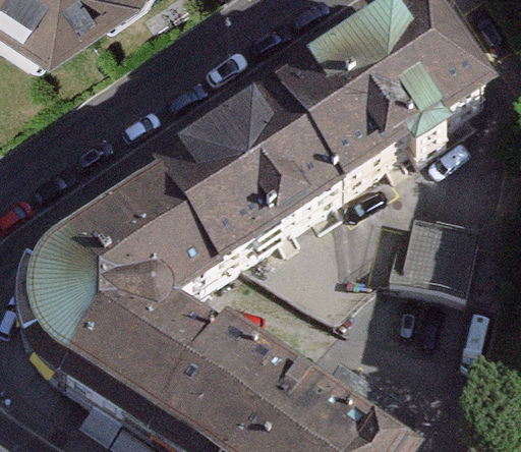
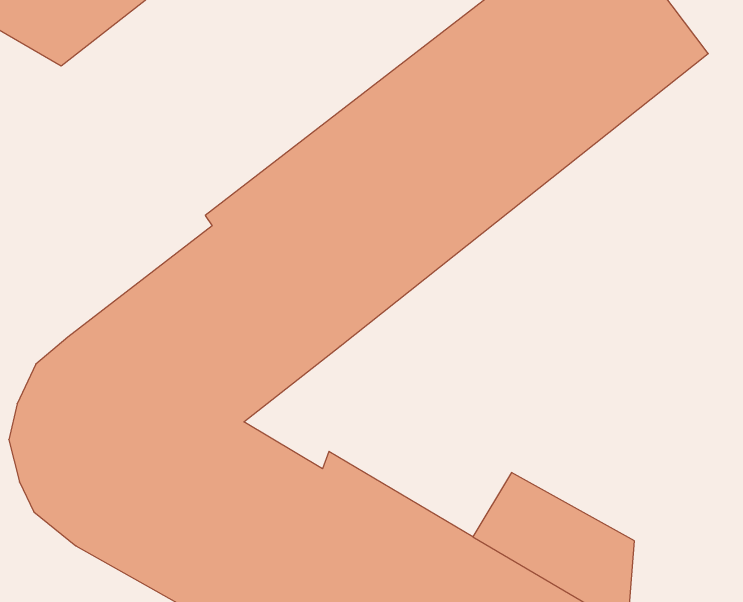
building: [389,211,477,294] -> none

